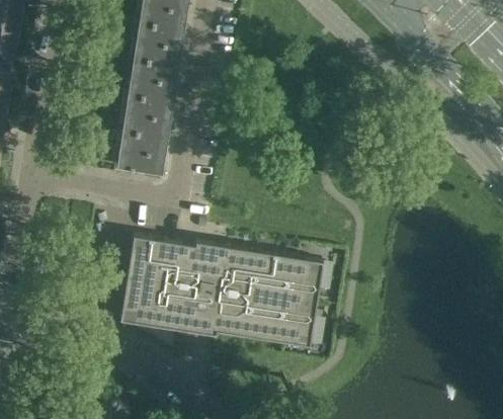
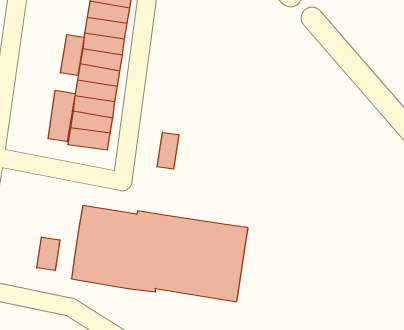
building: none -> [60,35,84,75]
building: none -> [48,90,75,142]
building: none -> [157,132,179,169]
building: none -> [37,237,60,271]

